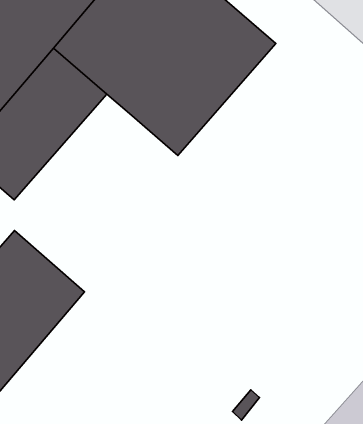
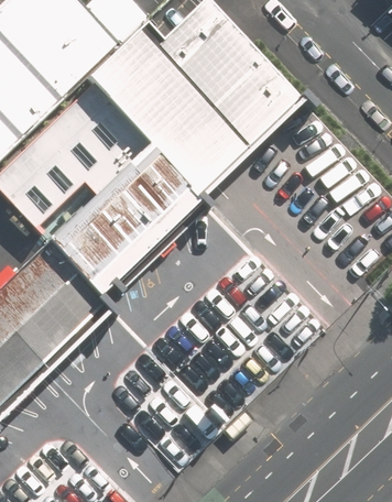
building: none -> [52,148,194,288]

